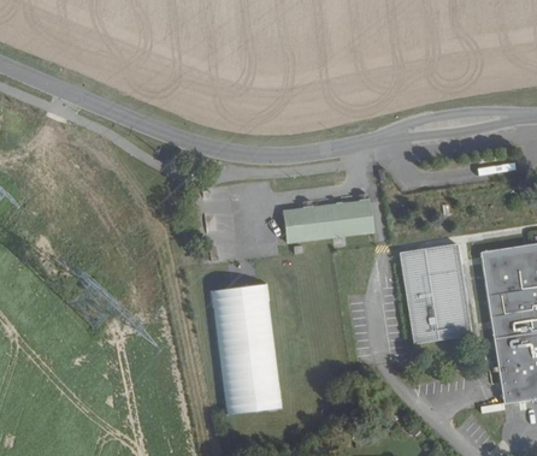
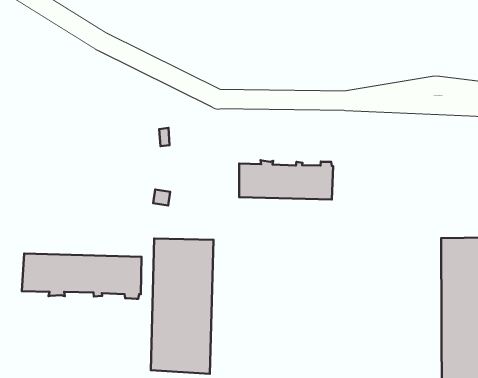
building: [399,243,471,344] -> none
building: none -> [22,254,141,299]

